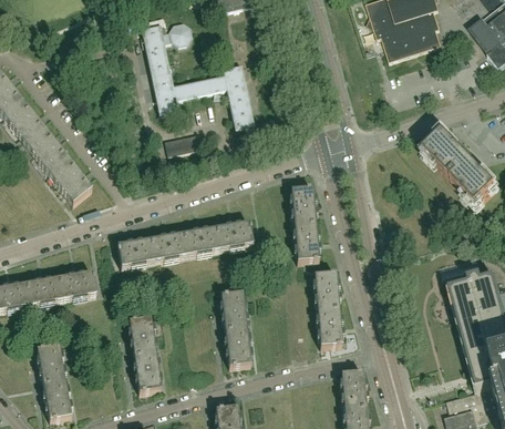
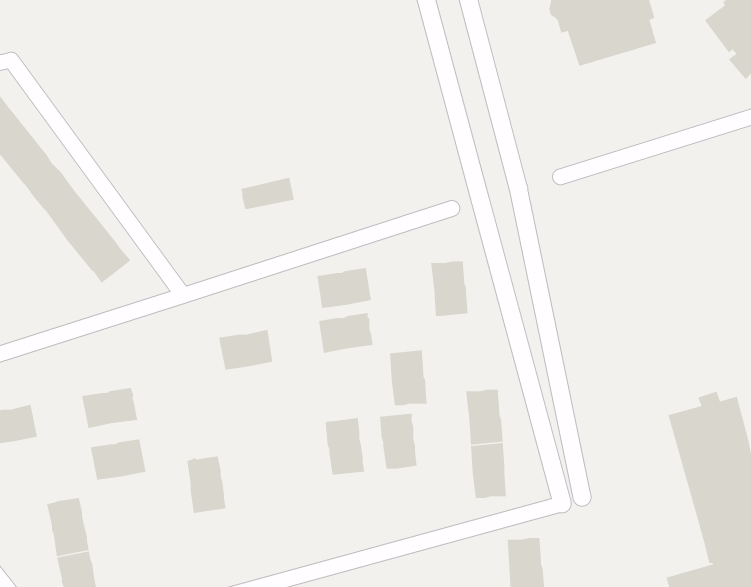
building: [141,20,255,127] -> none
building: [424,132,496,205] -> none
building: [293,222,319,259] -> [389,350,427,406]
building: [183,226,219,254] -> [317,267,372,309]
building: [116,237,154,265] -> none
building: [25,276,63,304] -> [90,439,146,480]
building: [225,327,250,365] -> [379,413,418,469]
building: [133,351,161,390] -> none

